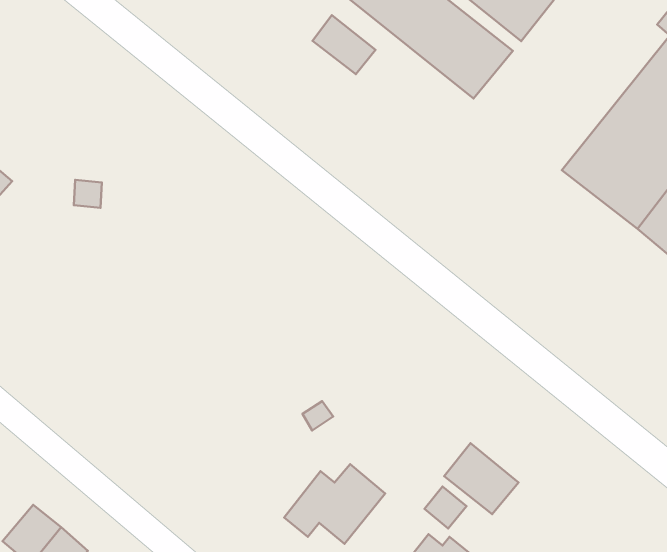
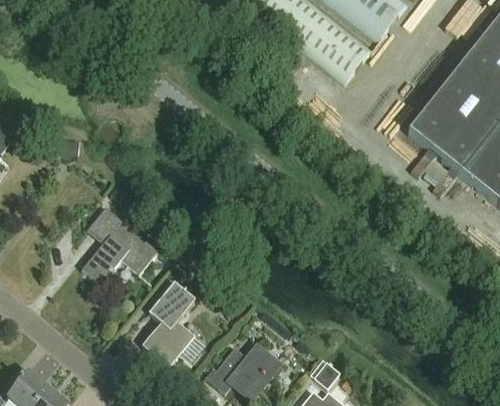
building: [312,15,376,74] -> none
building: none -> [82,207,159,284]
building: none -> [144,282,206,364]
building: [444,443,519,514] -> none

